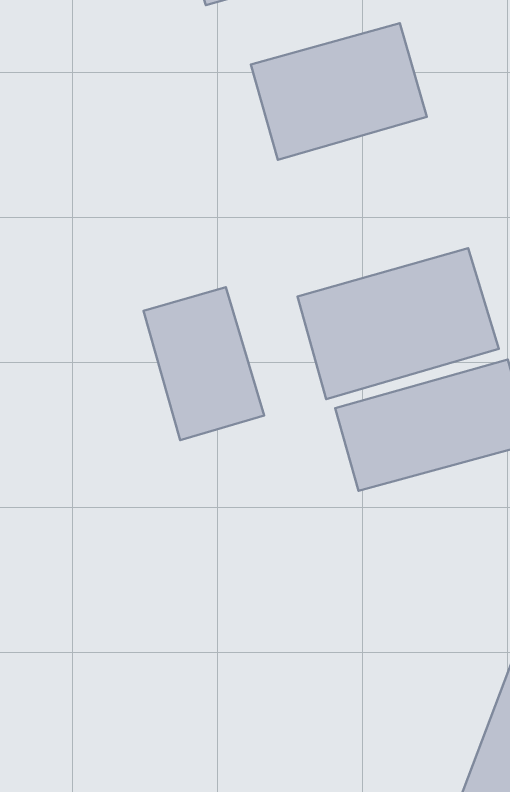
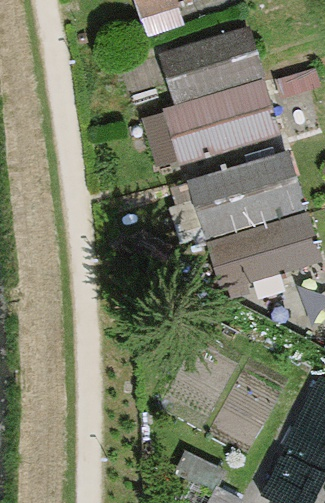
building: none -> [161,81,275,162]
building: [143,287,264,440] -> none

